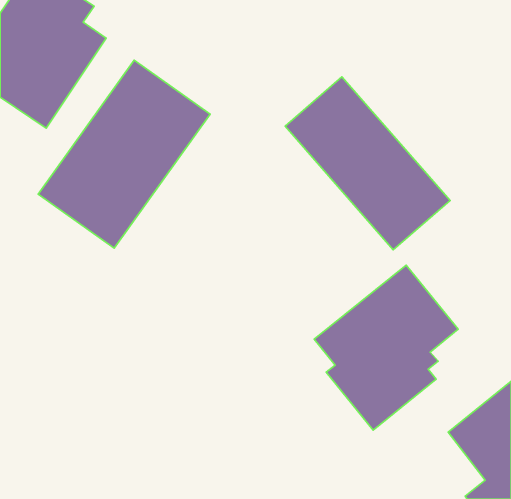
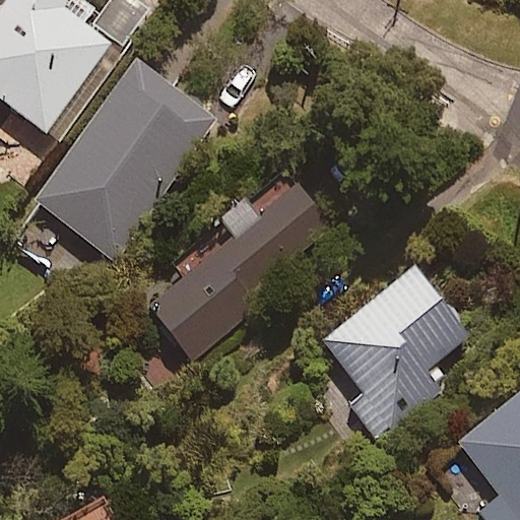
building: [285,77,450,250] -> none
building: none -> [149,184,329,355]

